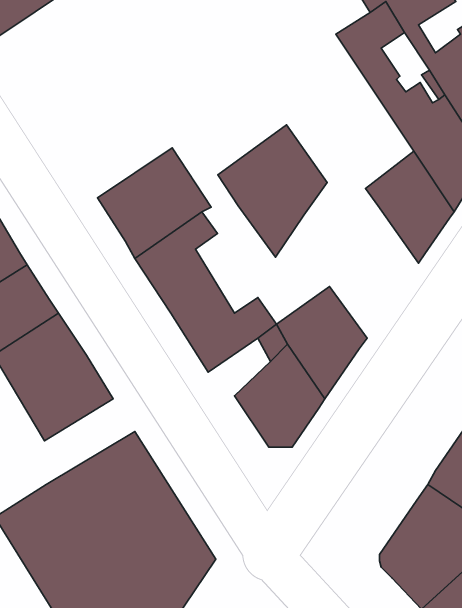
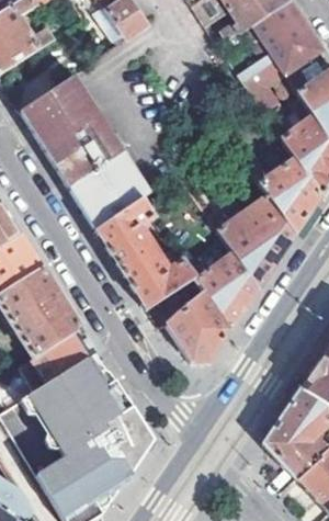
building: none -> [20,75,123,186]
building: [218,125,327,257] -> [219,192,296,285]
building: none -> [20,328,97,388]

